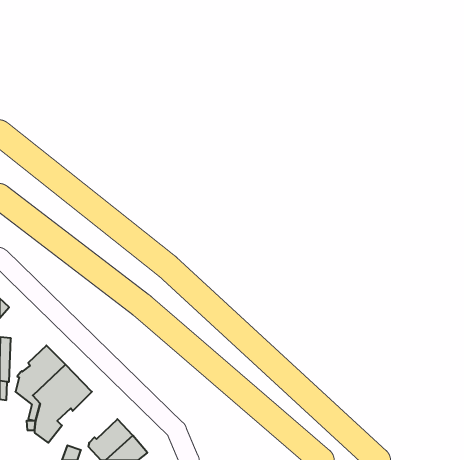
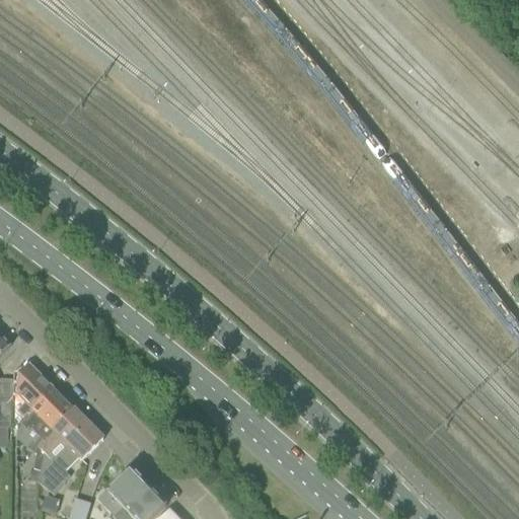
building: none -> [16,362,52,415]

